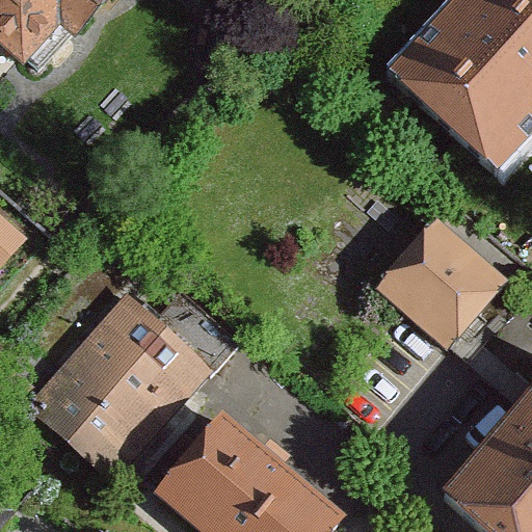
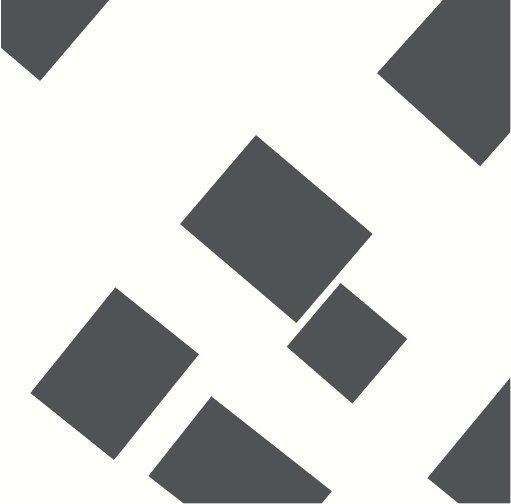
building: none -> [179,134,374,324]
building: [378,217,506,345] -> [286,282,409,405]

